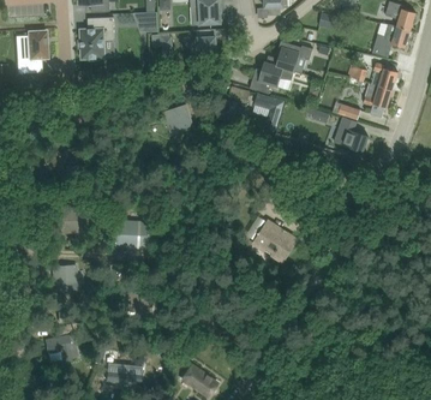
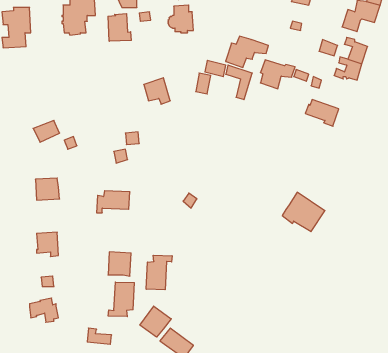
building: none -> [108,14,131,41]
building: [276,41,312,71] -> [260,60,295,89]
building: [252,220,297,261] -> [282,192,325,232]
building: none -> [146,255,172,290]
building: none -> [108,282,134,317]
building: none -> [140,306,171,337]

